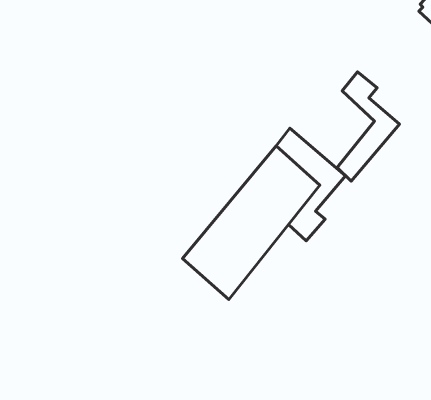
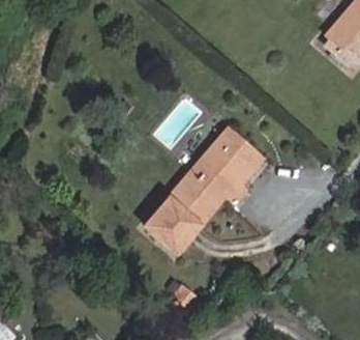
building: [337,72,400,181] -> none

